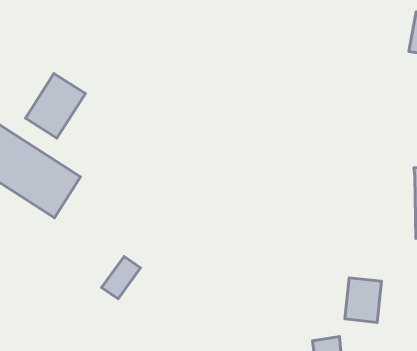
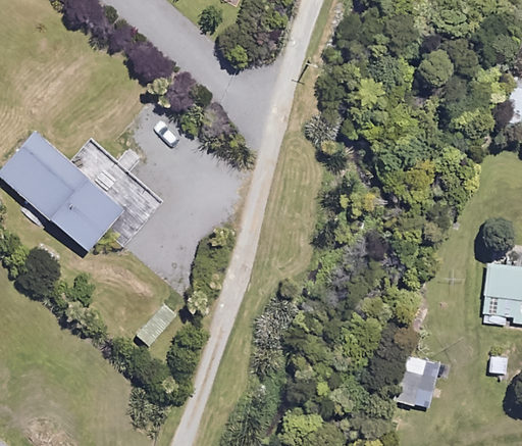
building: [25,73,86,138] -> none

